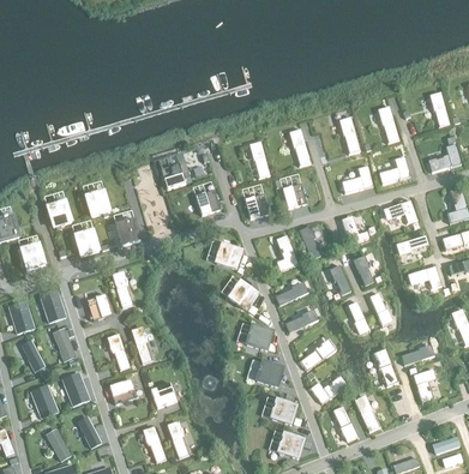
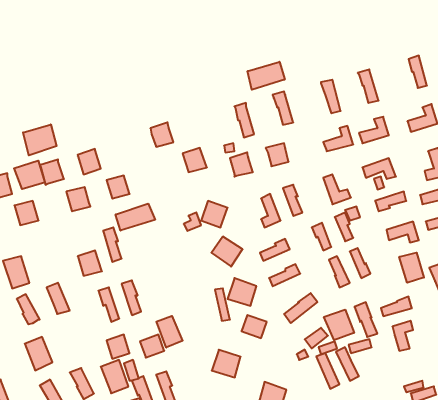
building: none -> [248,62,285,90]
building: none -> [23,124,57,155]
building: none -> [14,161,45,189]
building: none -> [116,204,155,231]
building: [40,290,67,324] -> none
building: none -> [399,253,424,283]
building: none -> [324,310,354,340]
building: none -> [156,316,183,348]
building: [61,372,90,407] -> [101,360,128,393]
building: [265,398,295,427] -> [212,350,241,377]

